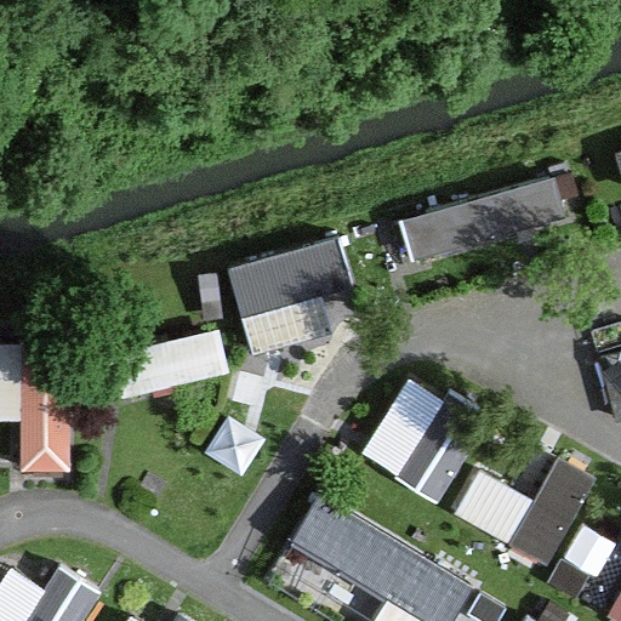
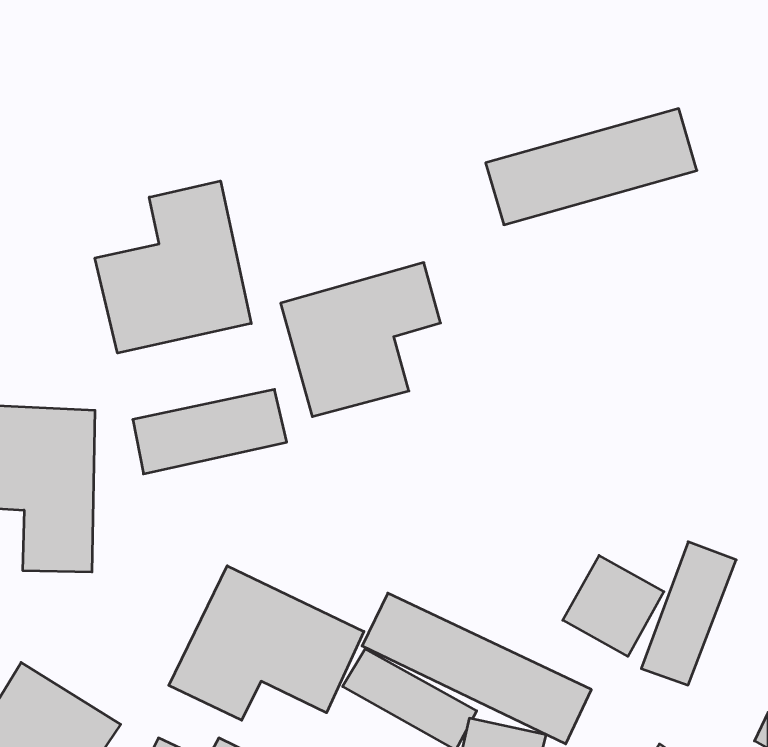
building: none -> [95,181,251,353]
building: [399,173,569,267] -> [486,109,697,225]
building: [360,371,490,503] -> none
building: none -> [169,566,364,720]

